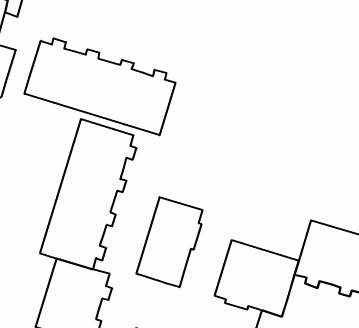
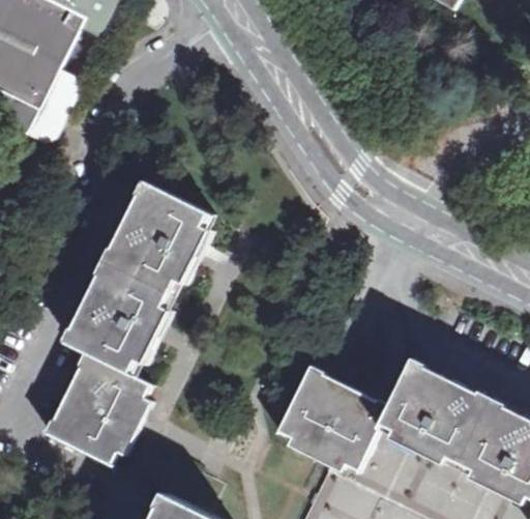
building: [25,38,175,135] -> none
building: [136,197,202,287] -> none

